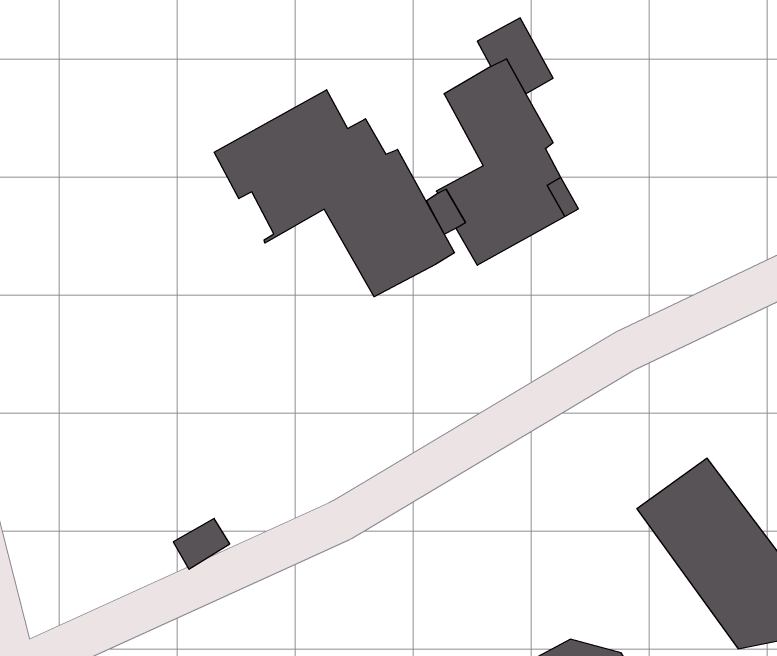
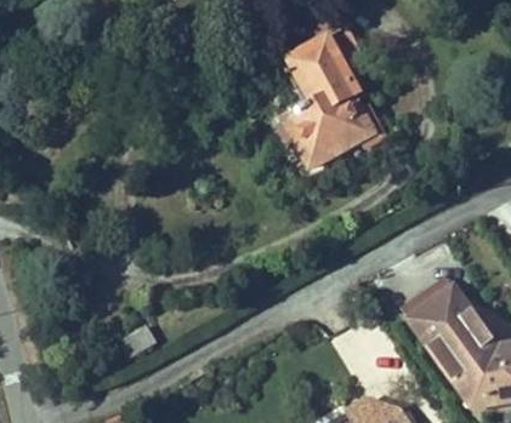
building: [214,90,454,297] -> none

